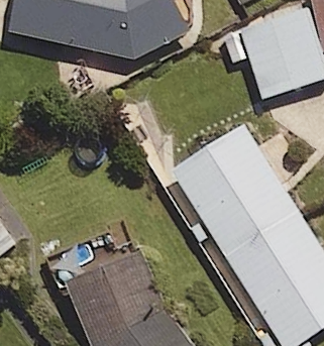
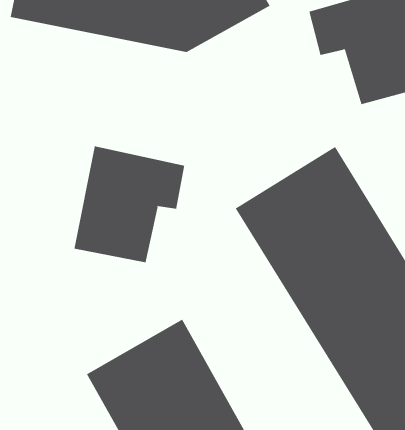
building: none -> [74,146,185,263]

